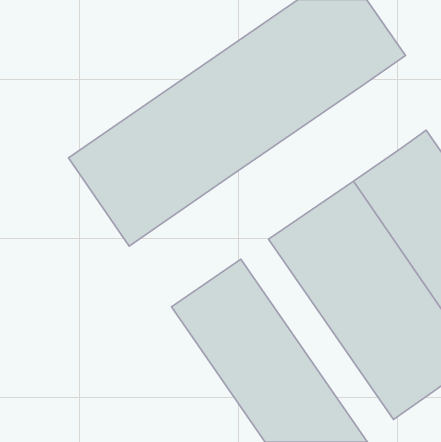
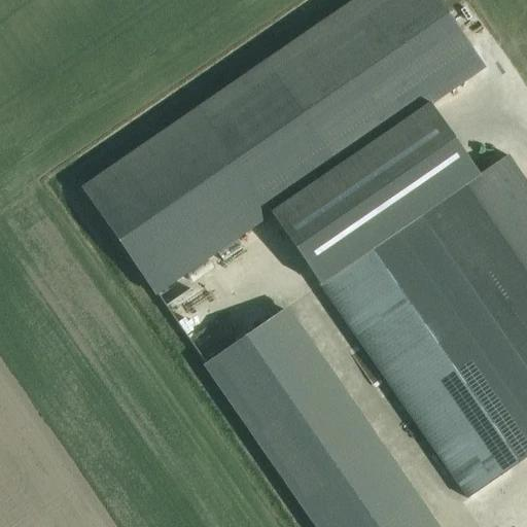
building: none -> [272,103,480,284]

